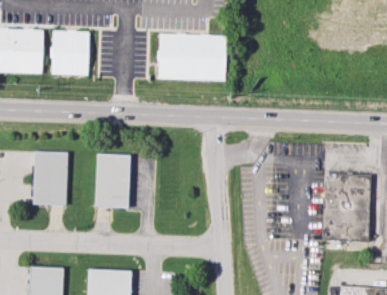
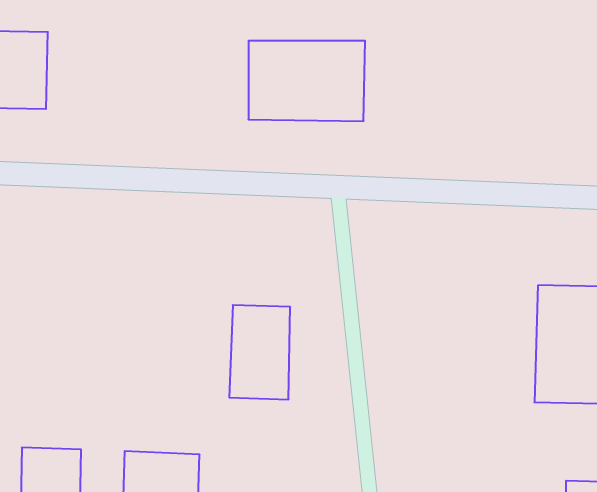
building: [52,31,90,75] -> none
building: [33,151,68,205] -> none
building: [95,154,130,208] -> [229,305,290,399]

